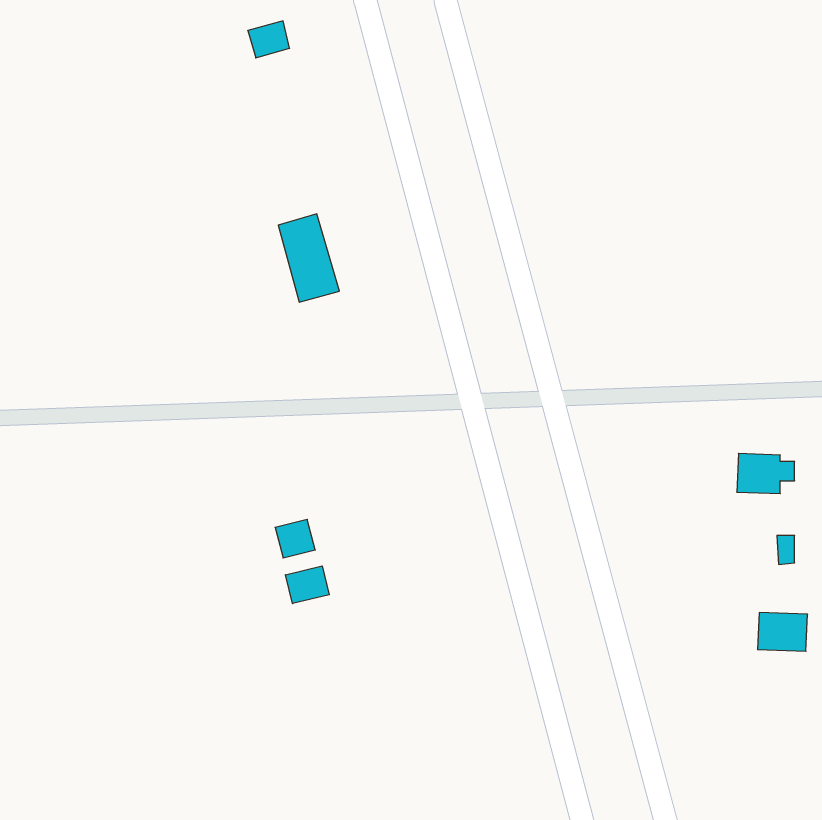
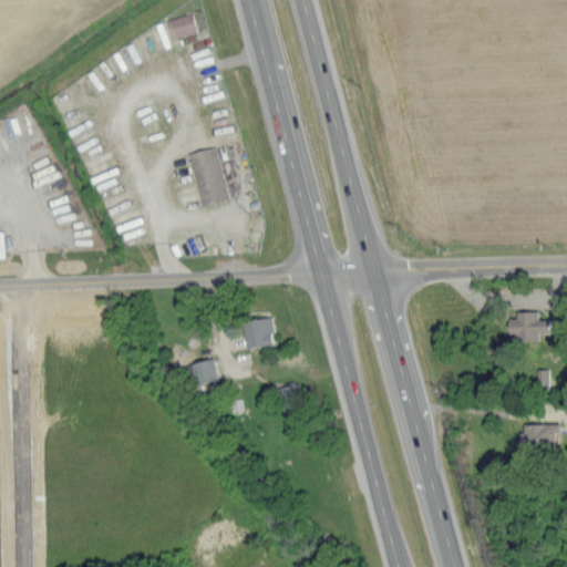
building: none -> [241,318,274,348]
building: [285,566,329,604] -> none

